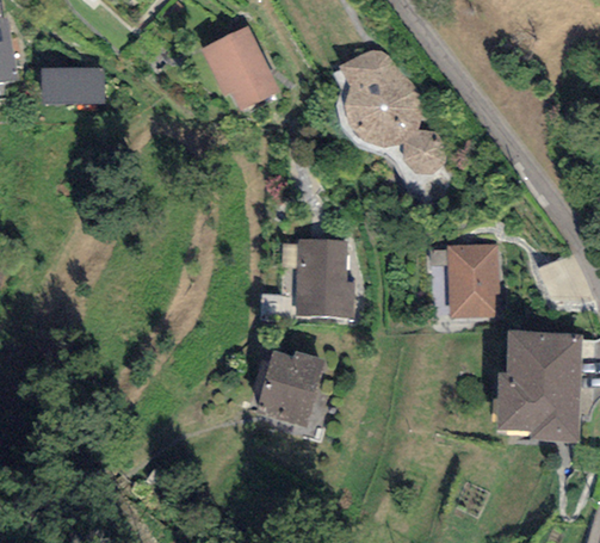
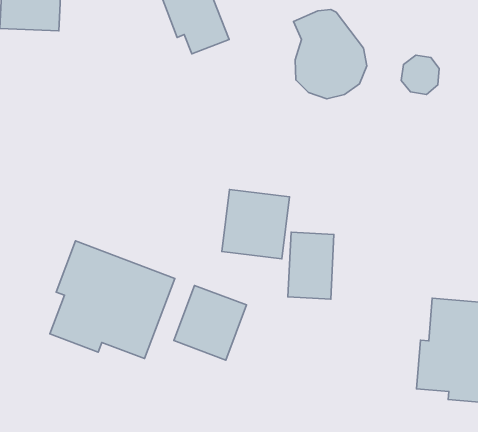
building: [404,131,443,171] -> [401,55,439,94]
building: [449,246,495,314] -> [288,232,334,299]
building: none -> [50,241,175,359]

